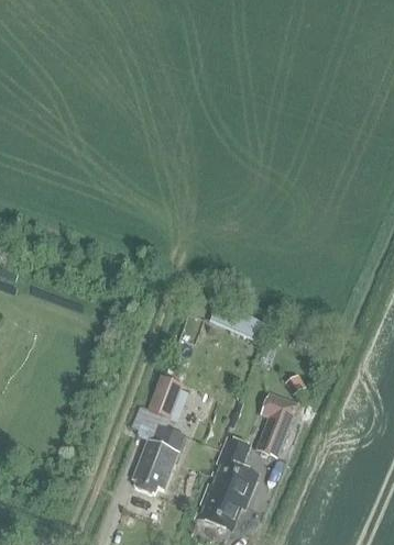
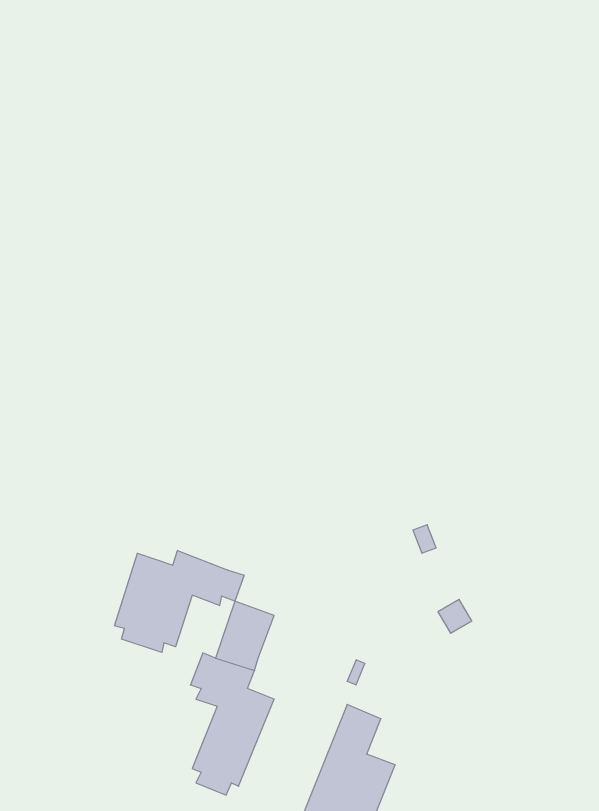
building: none -> [115,550,244,652]
building: [255,391,298,457] -> none

